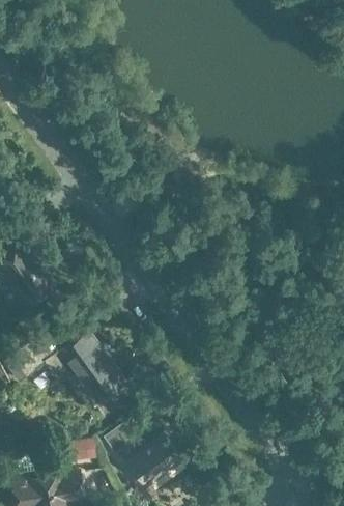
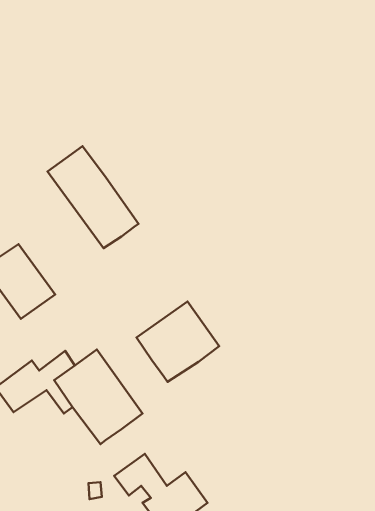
building: none -> [47,146,138,248]
building: none -> [137,301,219,382]

